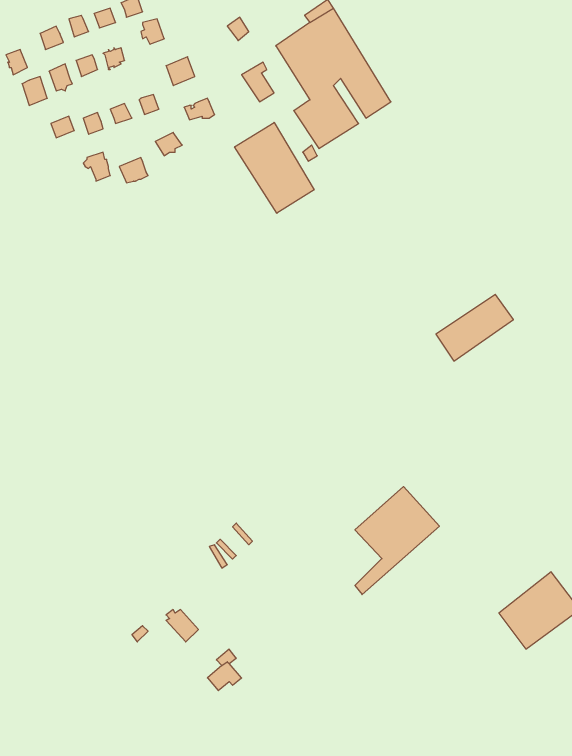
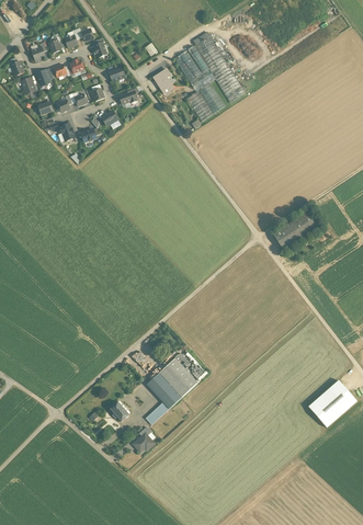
building: [235,122,314,213] -> none
building: [355,487,439,595] -> [145,357,196,423]

